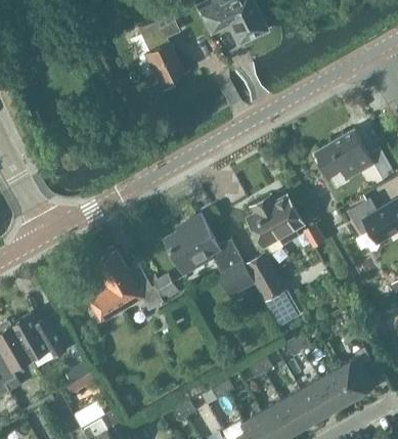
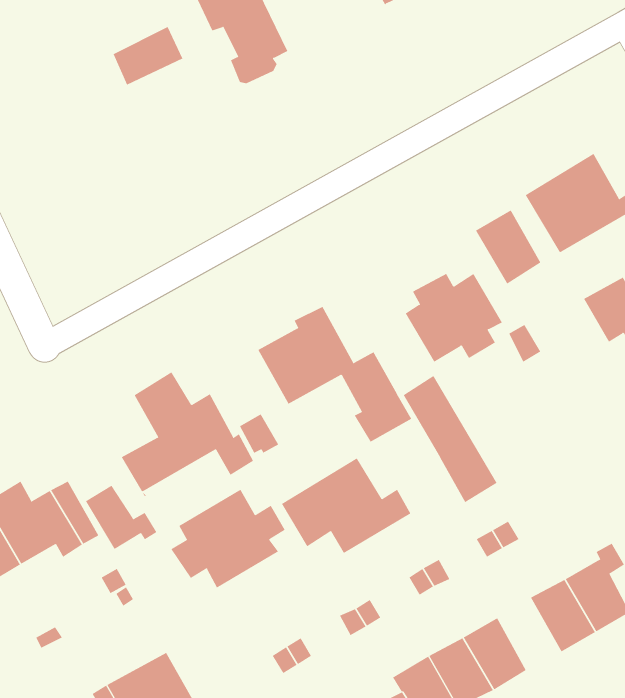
building: none -> [113,26,183,85]
building: none -> [475,210,541,284]
building: none -> [281,458,411,554]
building: none -> [85,485,157,550]
building: none -> [170,489,286,588]
building: [301,379,337,420] -> none

